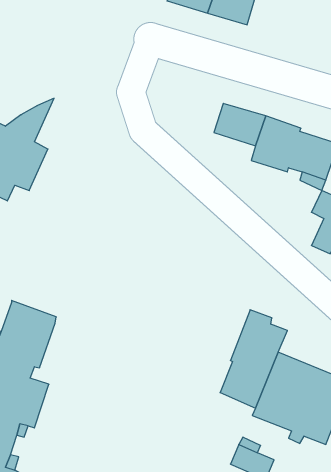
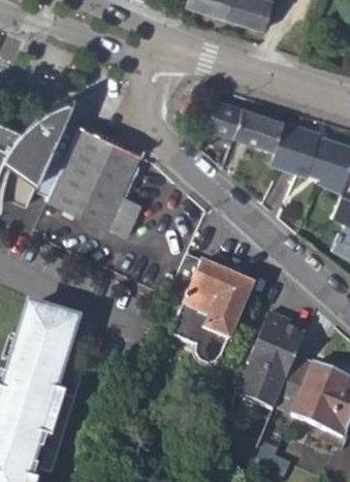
building: none -> [206,100,242,137]
building: none -> [46,127,141,236]
building: none -> [158,256,253,365]

